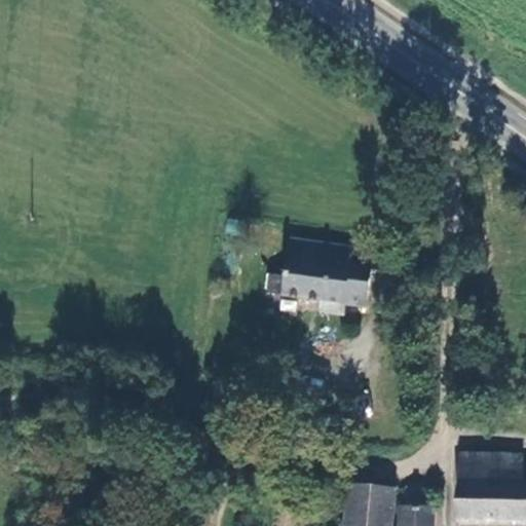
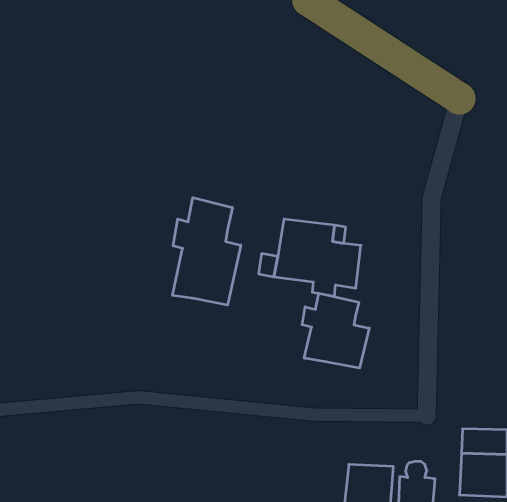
building: none -> [173,198,241,305]
building: none -> [302,293,369,368]

